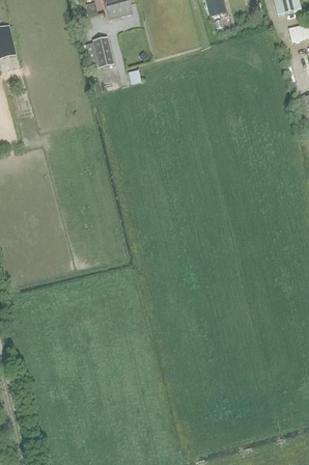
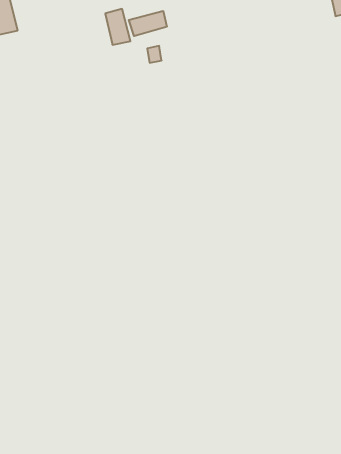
building: none -> [129,11,167,36]

